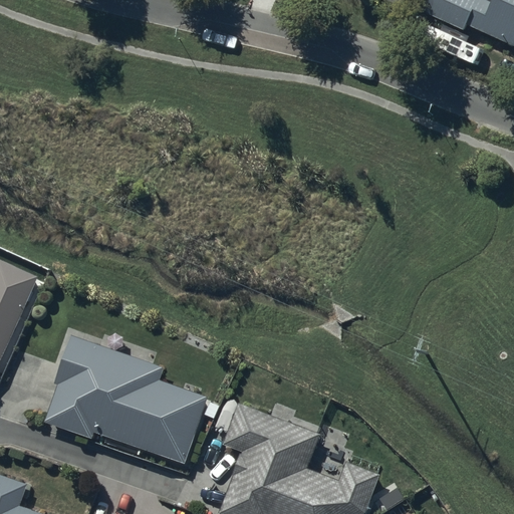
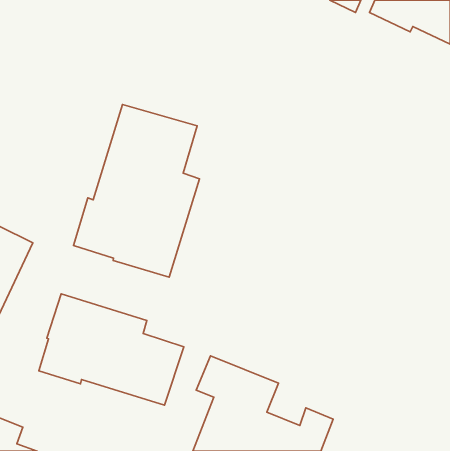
building: none -> [73,105,200,277]

